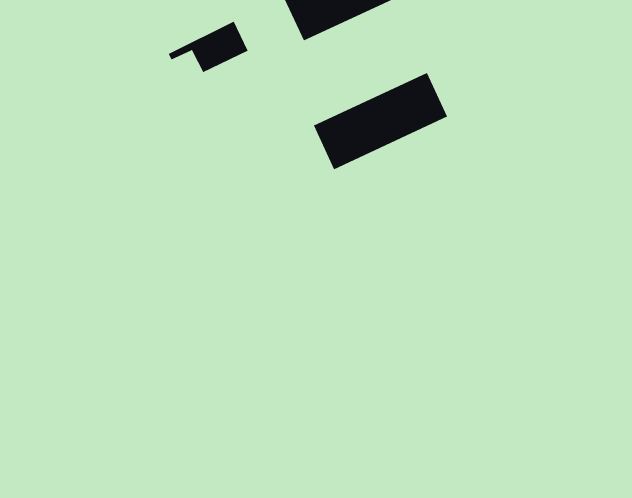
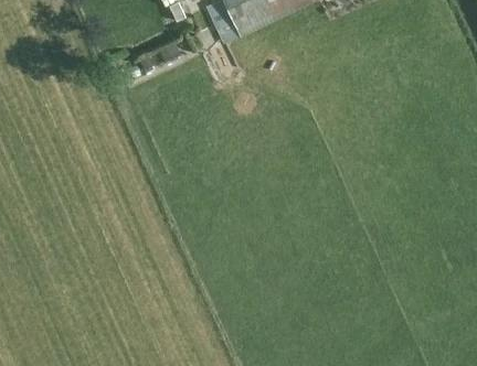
building: [313,72,448,170] -> none

